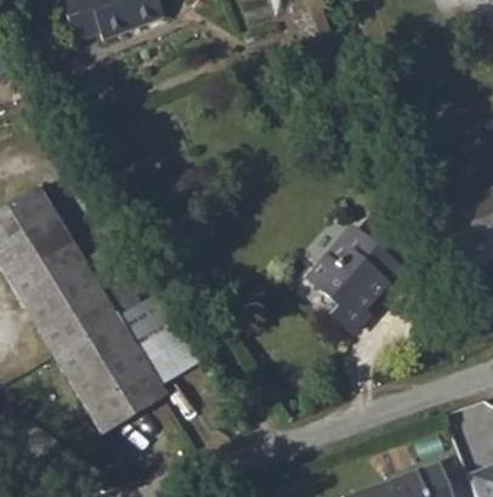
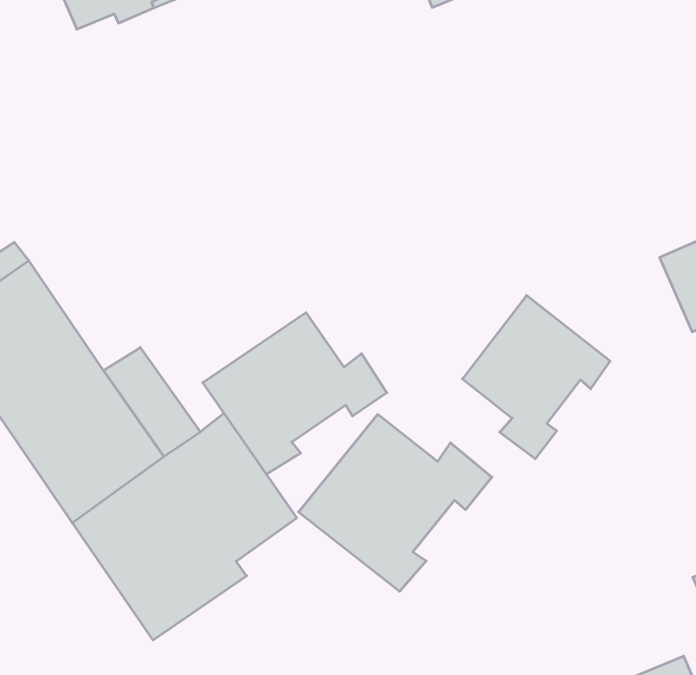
building: none -> [203,313,387,474]
building: none -> [298,414,492,591]

